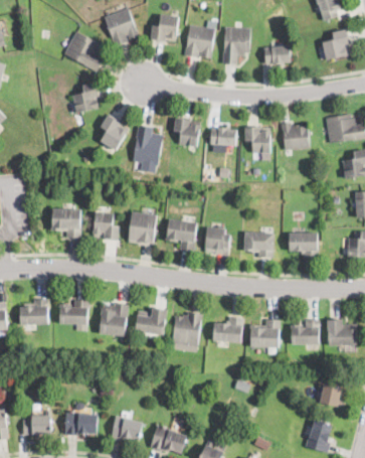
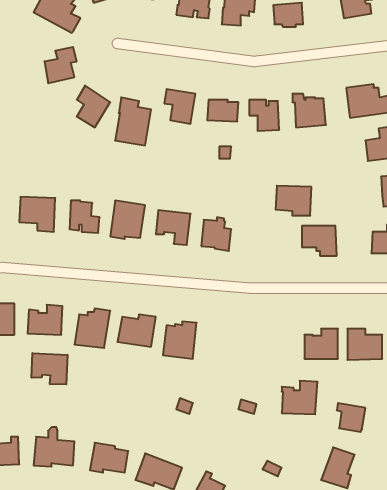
building: [243,232,273,257] -> [276,186,311,216]
building: [212,317,242,342] -> none
building: [249,319,280,347] -> [282,381,318,414]
building: none -> [32,353,67,384]

